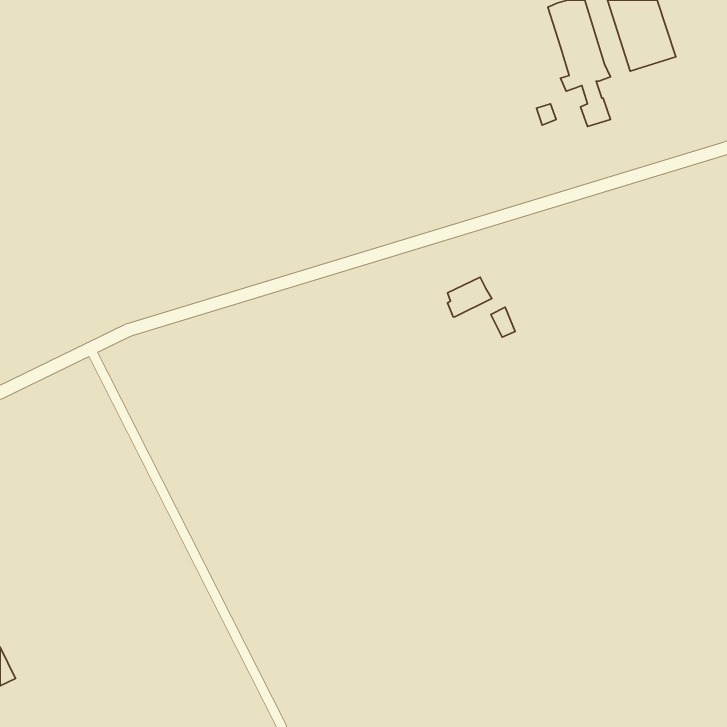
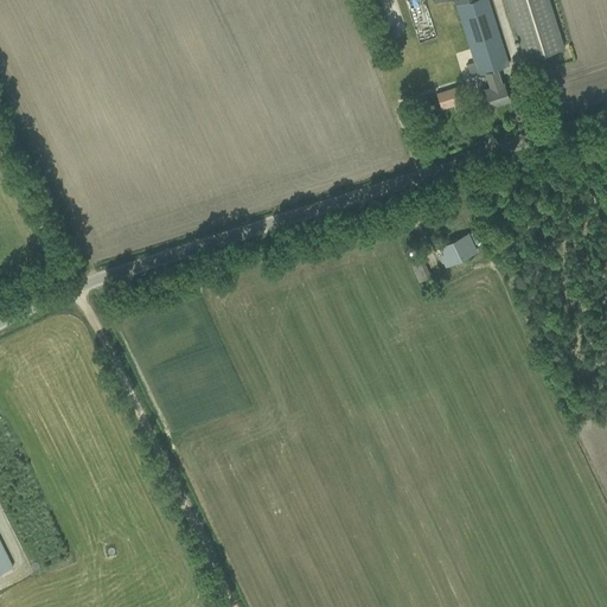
building: [448,277,492,317] -> [440,234,477,267]

